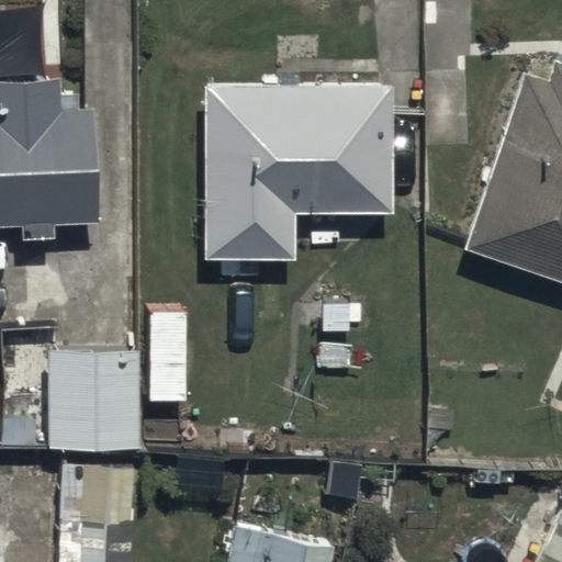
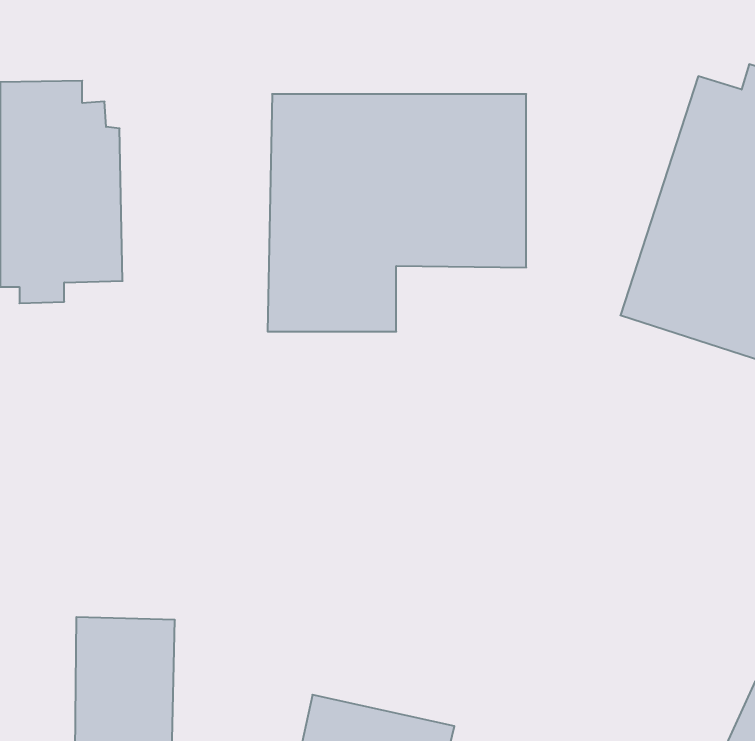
building: [59,356,135,448] -> none

